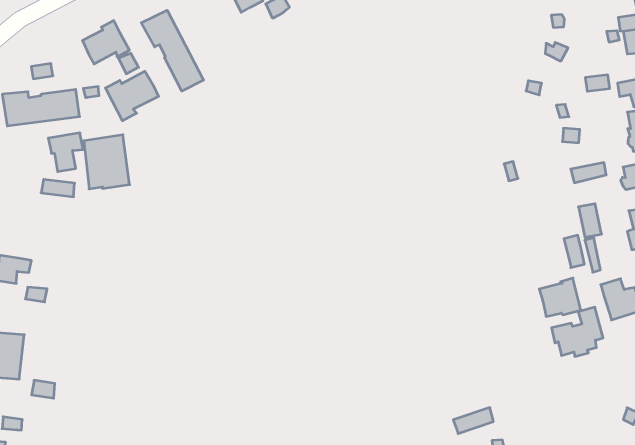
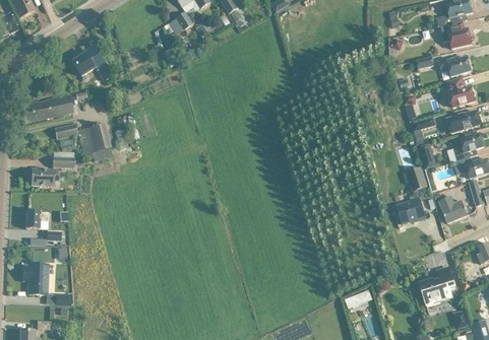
building: [141,10,204,91] -> none
building: [105,71,159,121] -> none
building: none -> [30,168,54,185]
building: [552,307,603,356] -> [420,266,455,300]

